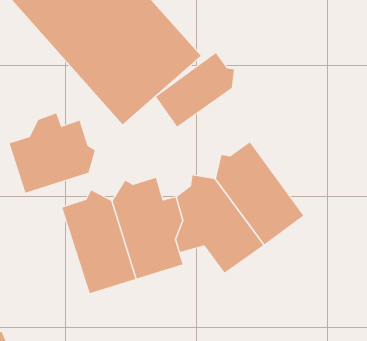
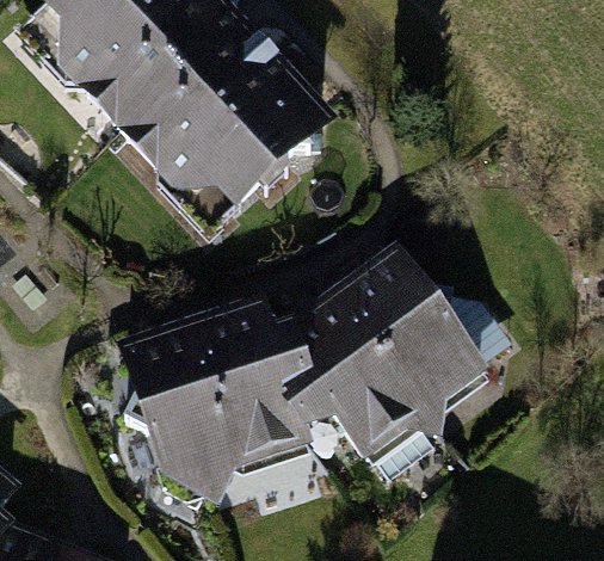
building: [155,52,235,128] -> none
building: [9,113,96,194] -> none

